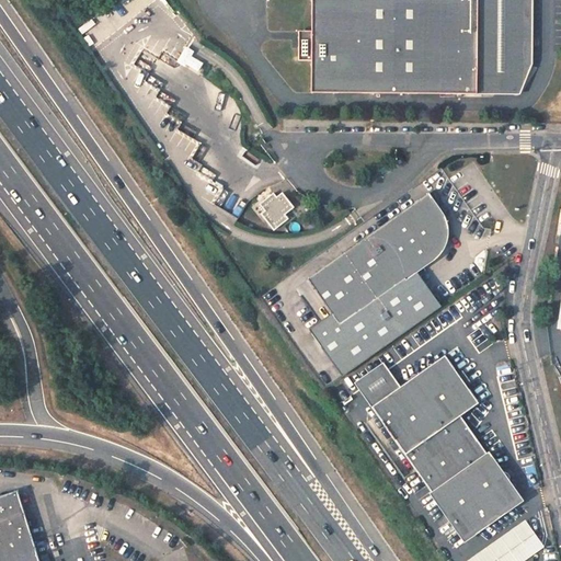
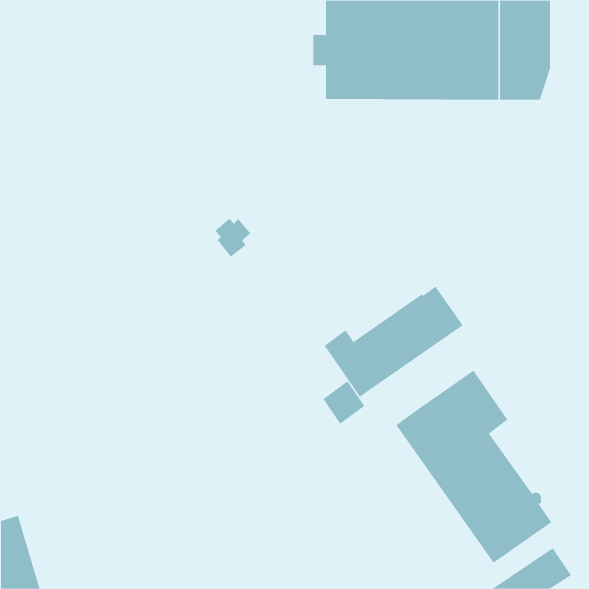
building: [257,193,293,230] -> [214,218,251,257]
building: [304,193,445,324] -> none
building: [359,363,400,404] -> [322,381,365,424]

